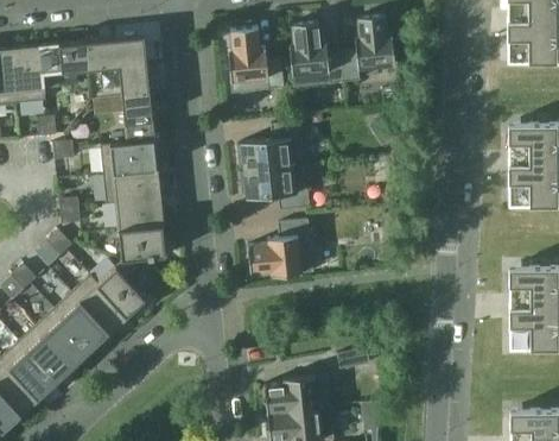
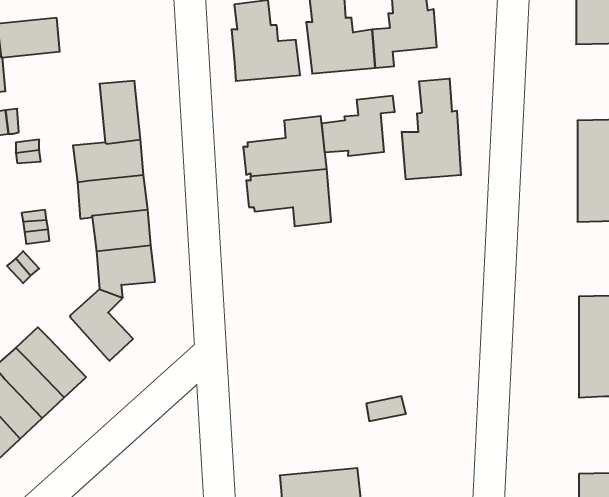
building: [87,36,150,99] -> none
building: none -> [402,78,461,179]
building: none -> [322,96,394,156]
building: [248,220,312,276] -> none
building: [71,275,127,333] -> none
building: [263,374,330,412] -> none

